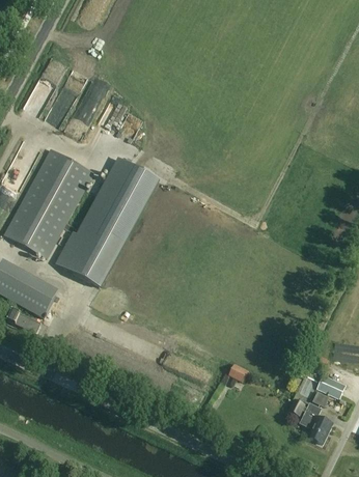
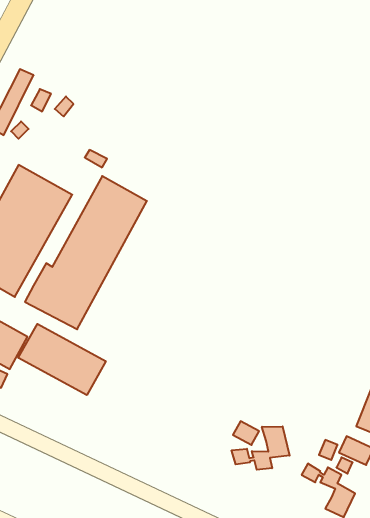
building: none -> [18,324,106,395]
building: none -> [232,426,290,470]

